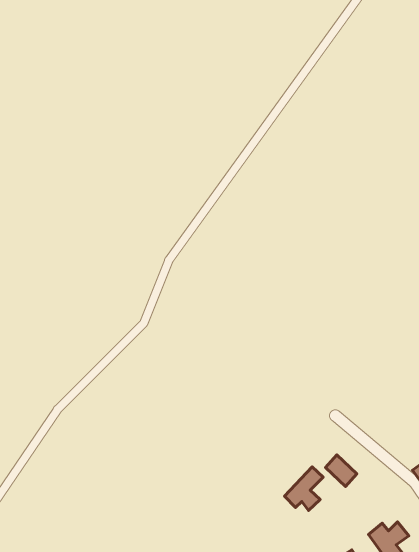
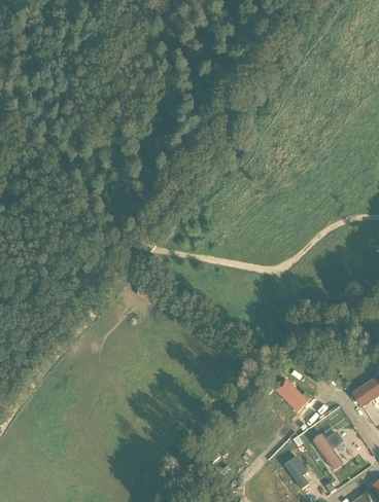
building: [285,467,323,510] -> none

